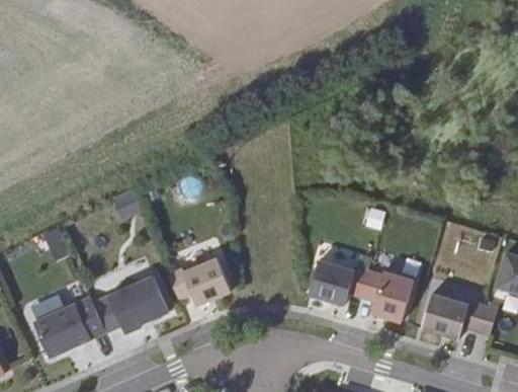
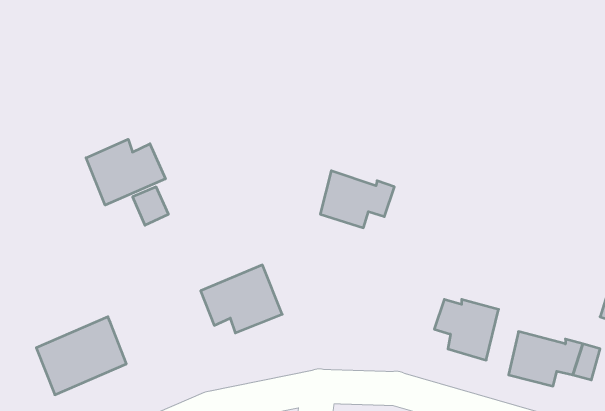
building: none -> [86,139,165,205]
building: [313,259,373,306] -> [320,171,394,228]
building: [100,265,177,325] -> none

